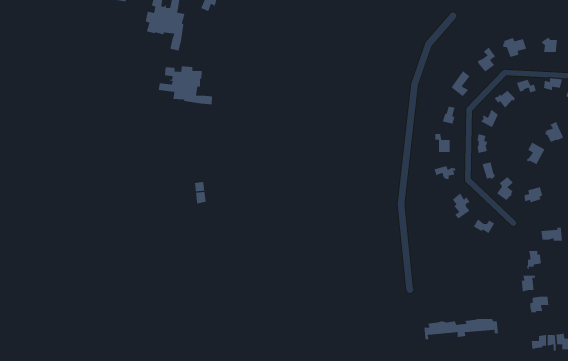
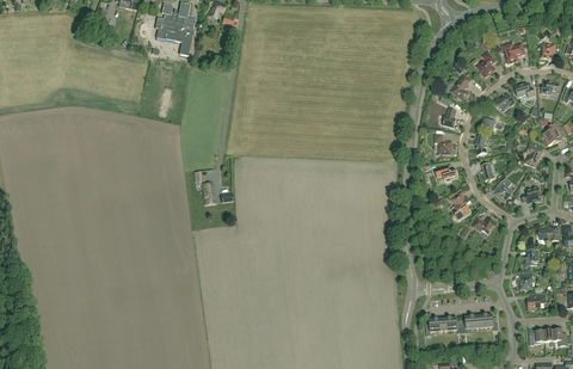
building: [158,66,213,105] -> none

